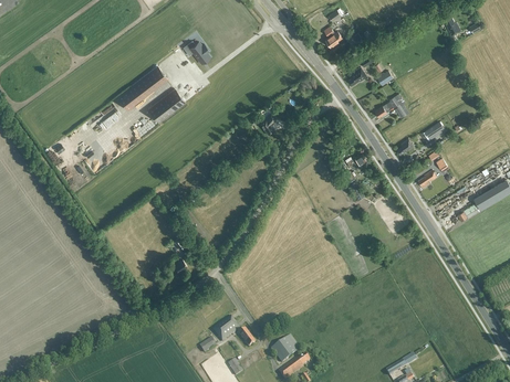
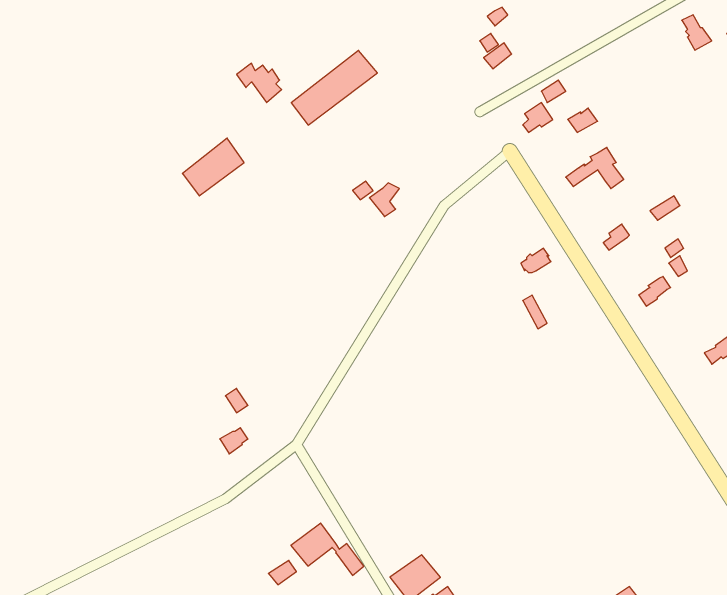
building: [116,66,167,110] -> [291,50,377,125]

